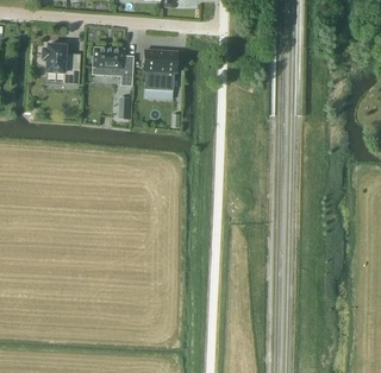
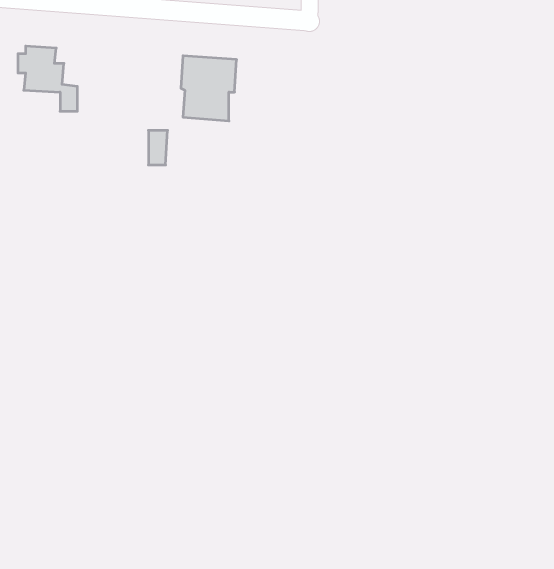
building: [92,46,132,84] -> none

